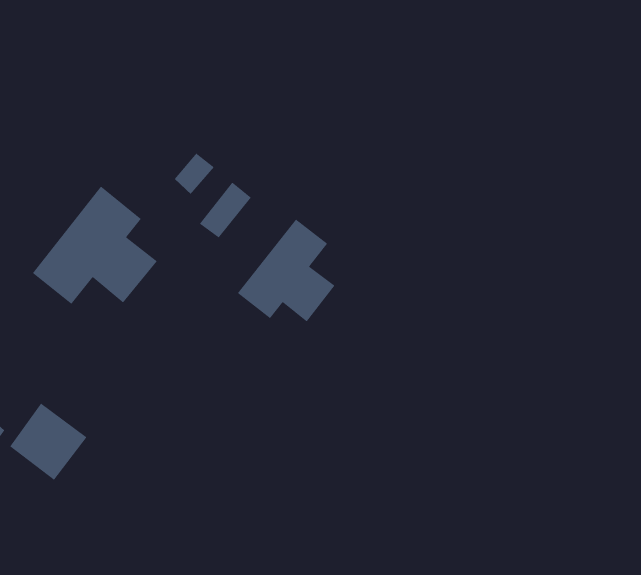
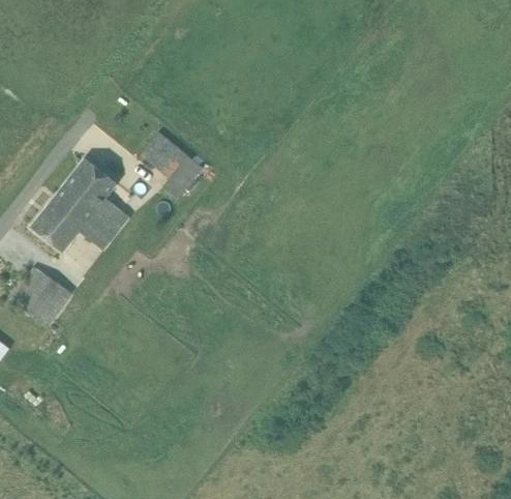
building: [237,219,335,323] -> none
building: [9,403,87,481] -> [11,265,72,326]

